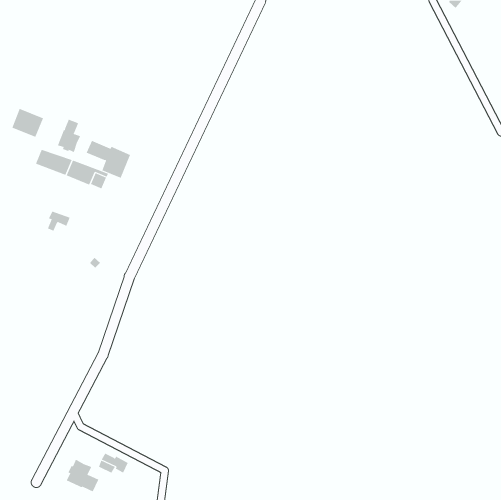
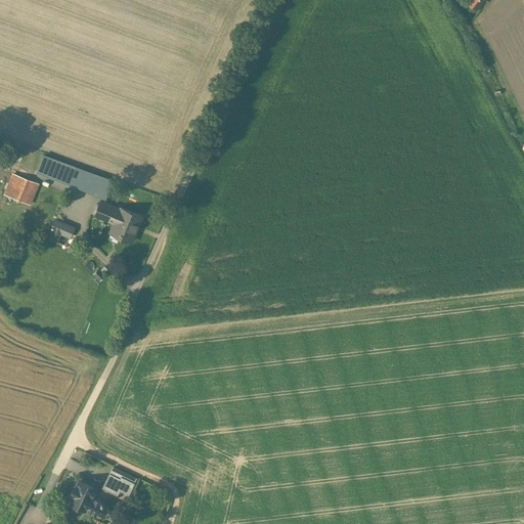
building: [11,108,44,138] -> [4,174,38,205]
building: [57,119,81,153] -> none
building: [86,140,131,178] -> [94,202,141,242]

